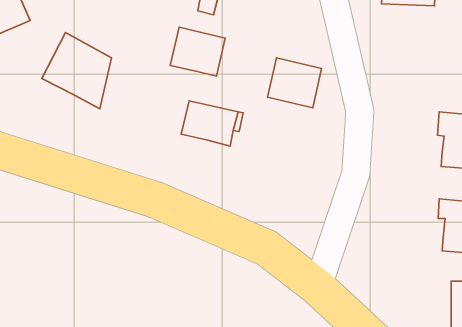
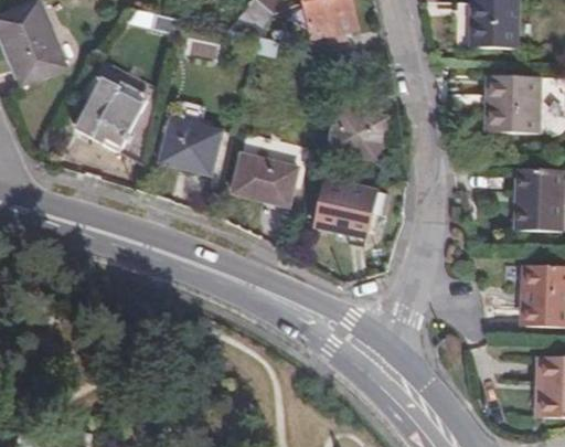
building: [170,27,225,76] -> [158,117,220,172]
building: none -> [487,73,540,131]
building: none -> [315,180,377,247]

